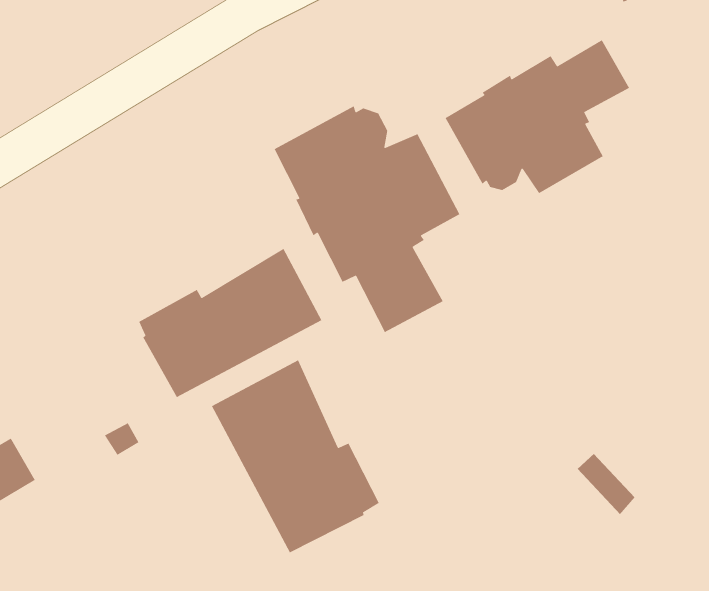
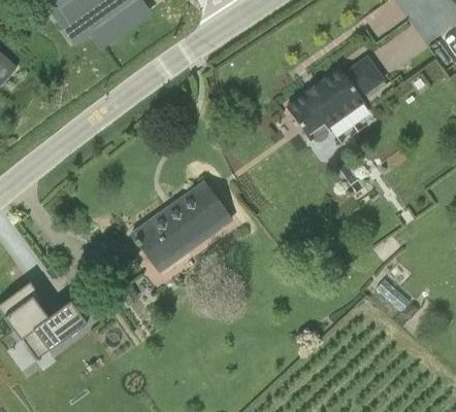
building: [273,105,460,333] -> none
building: [211,359,380,554] -> none

